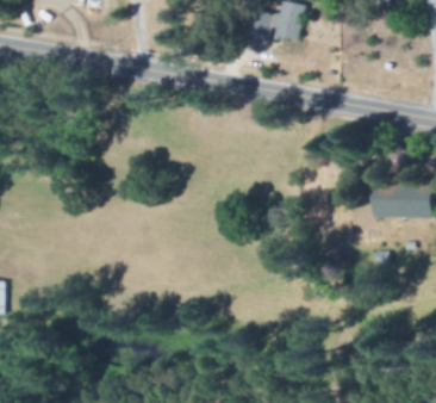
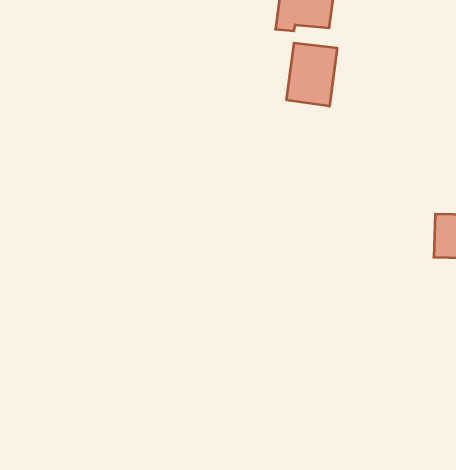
building: none -> [287,43,337,106]

